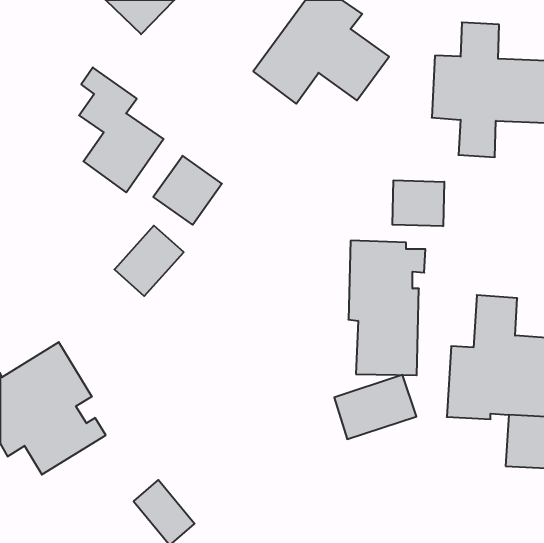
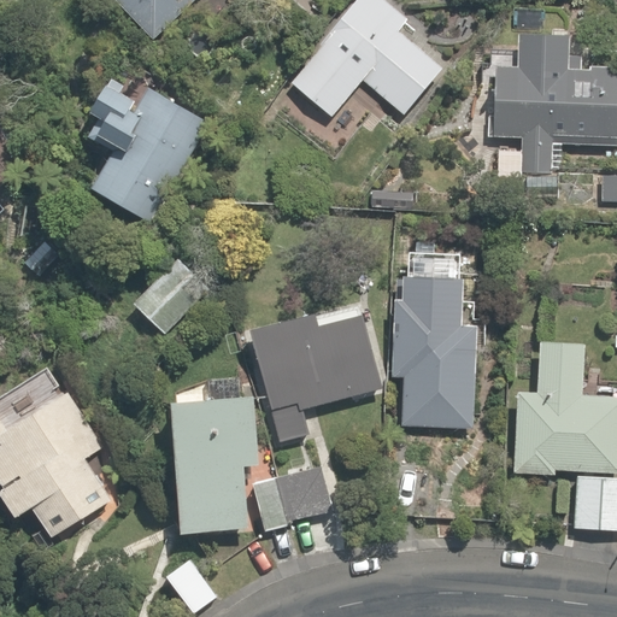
building: [153,156,222,225] -> none
building: [392,180,444,226] -> none
building: none -> [246,304,382,446]
building: none -> [170,395,254,531]
building: [334,375,416,439] -> [248,462,341,534]

